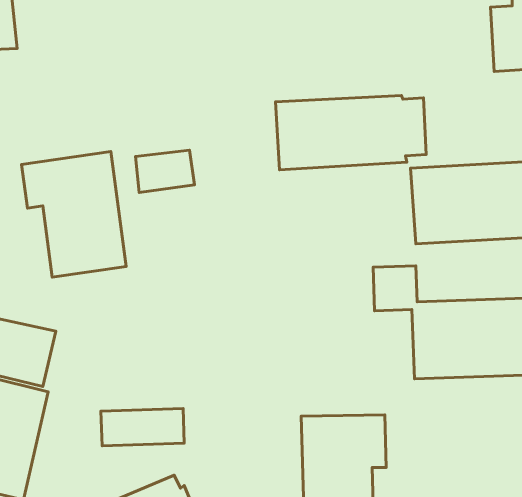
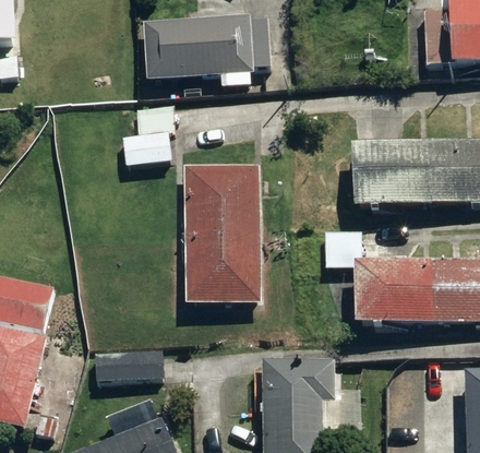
building: [276,95,426,170] -> [143,16,271,80]
building: [22,151,126,277] -> none
building: none -> [183,163,262,307]

